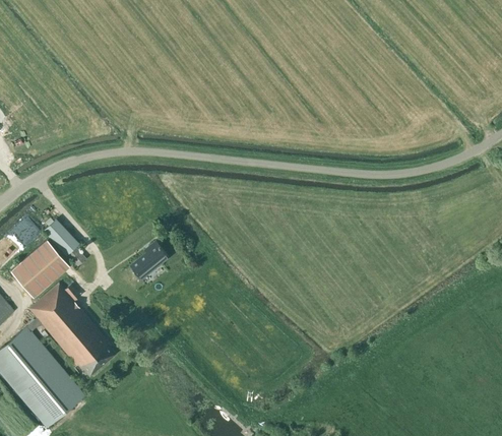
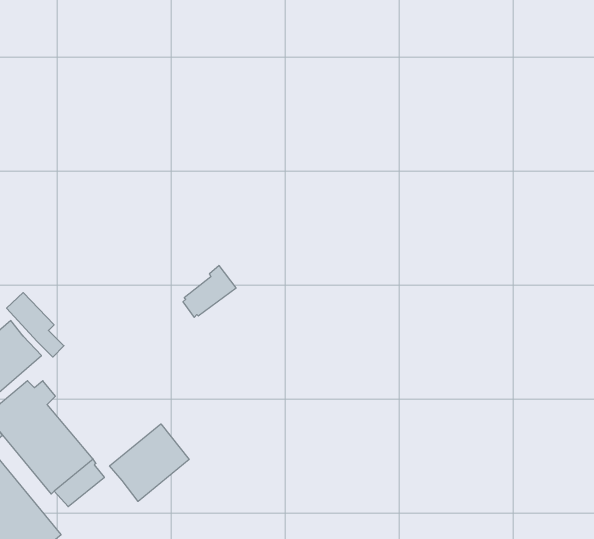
building: [130,241,169,278] -> [183,266,236,317]
building: none -> [110,424,189,501]

